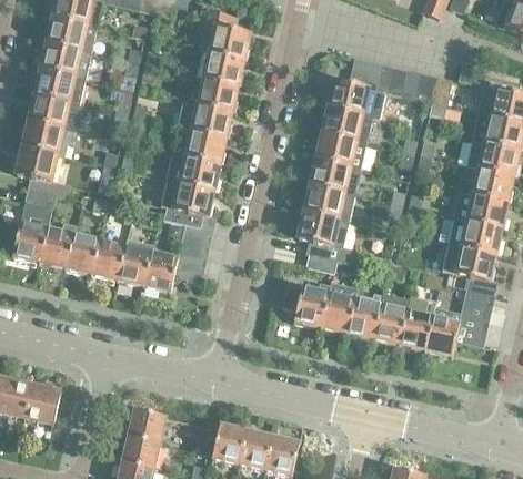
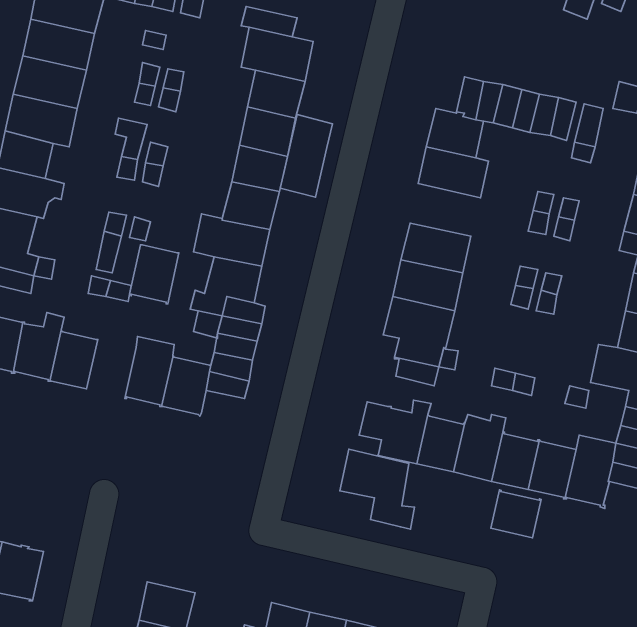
building: none -> [280,114,332,197]
building: [316,132,365,169] -> none
building: [91,241,125,282] -> [129,245,179,304]
building: none -> [340,449,414,529]
building: none -> [491,490,541,538]

